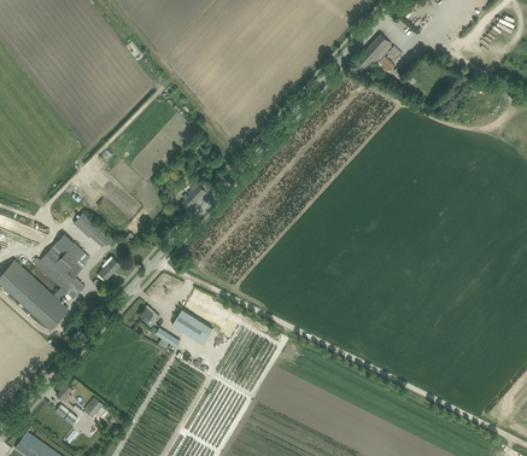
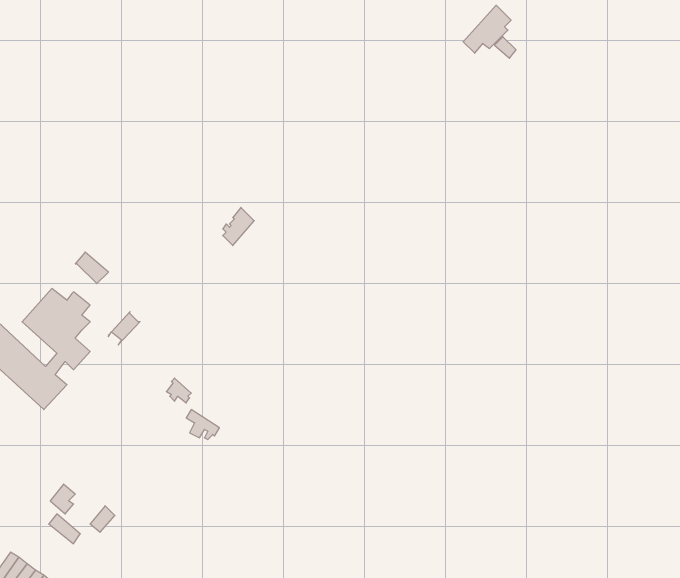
building: [171,308,205,339] -> none

